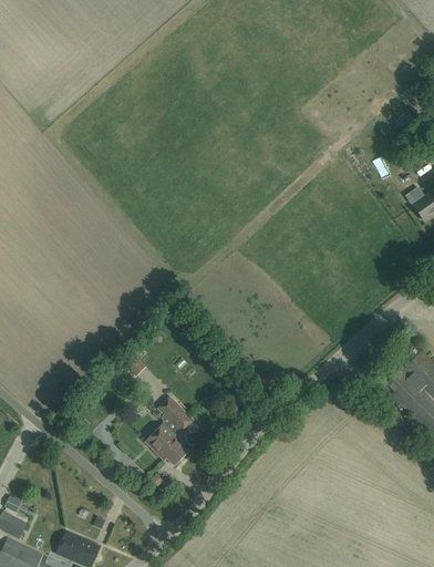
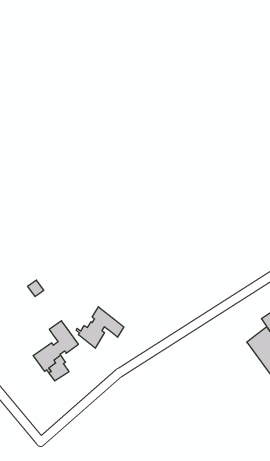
building: none -> [76,307,124,348]

